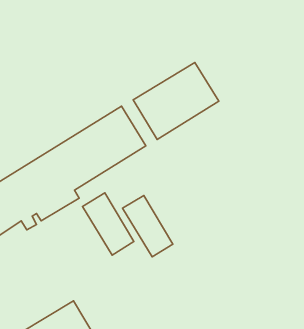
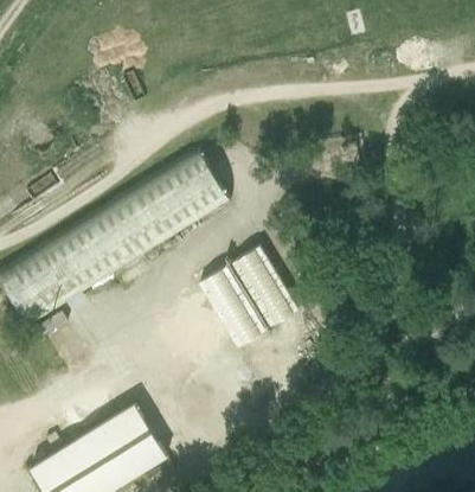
building: [133,62,219,139] -> none
building: [82,193,134,255] -> [230,247,297,328]

